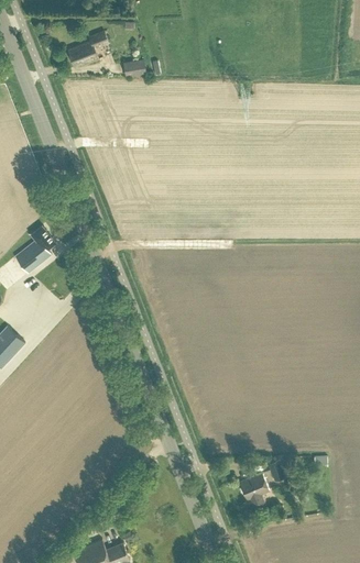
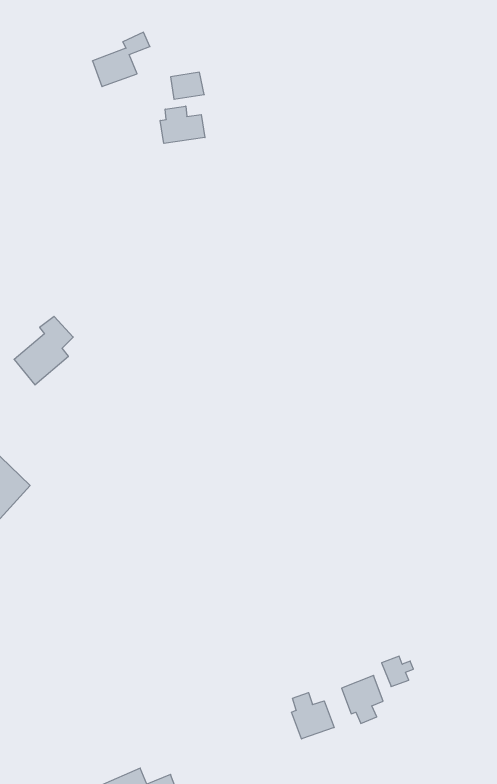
building: none -> [160,106,205,143]
building: none -> [292,693,334,739]

